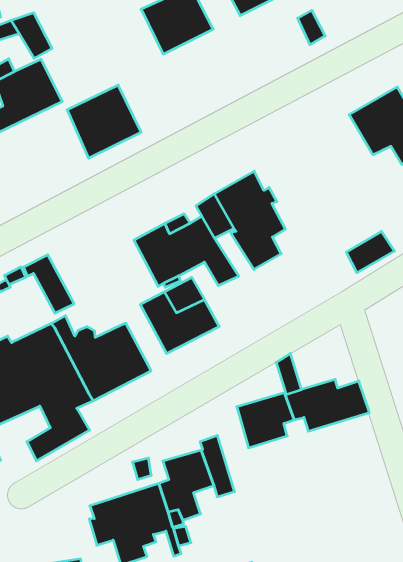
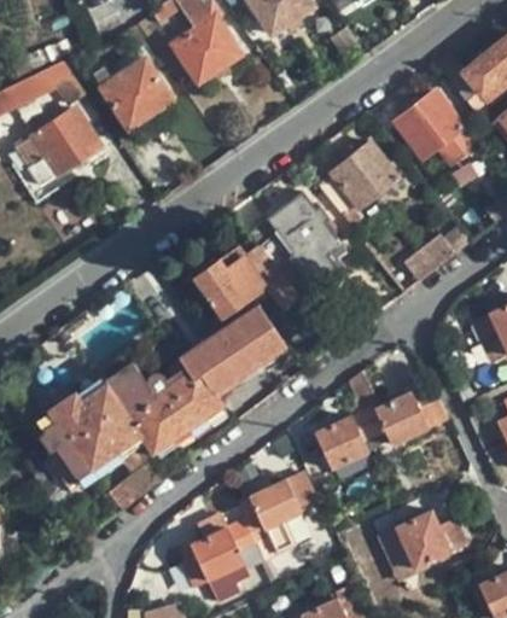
building: [67,85,141,158] -> [98,56,175,133]
building: none -> [317,140,401,228]
building: [23,255,74,313] -> [182,340,238,398]
building: none -> [395,509,470,569]

